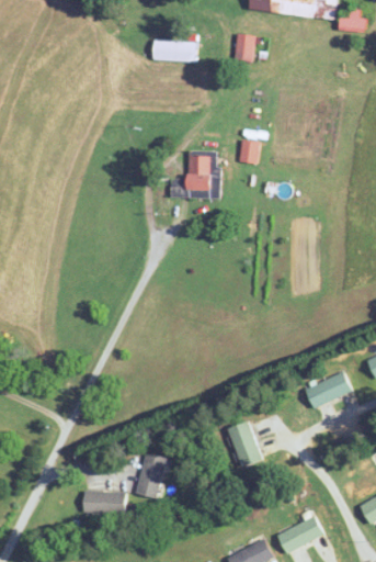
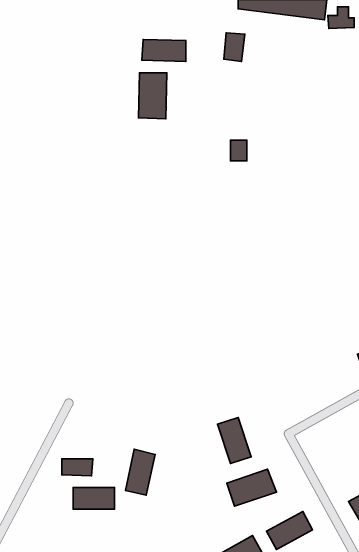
building: [186,151,215,198] -> [138,73,167,119]
building: [305,372,351,407] -> none
building: none -> [62,459,93,476]
building: none -> [227,469,276,506]

